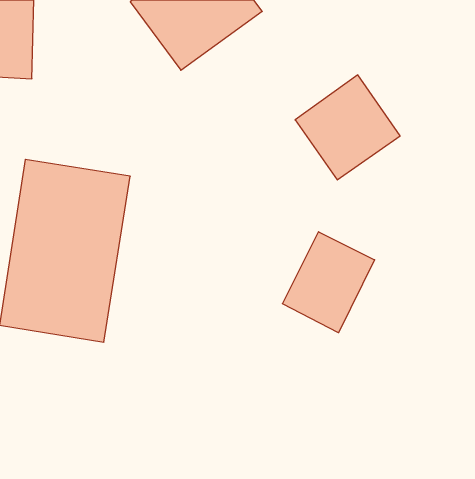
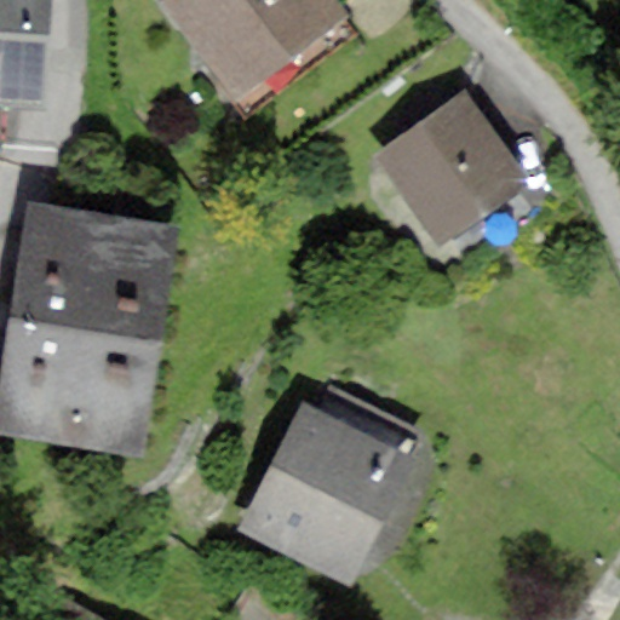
building: [282,232,375,333] -> none
building: none -> [243,394,425,578]

